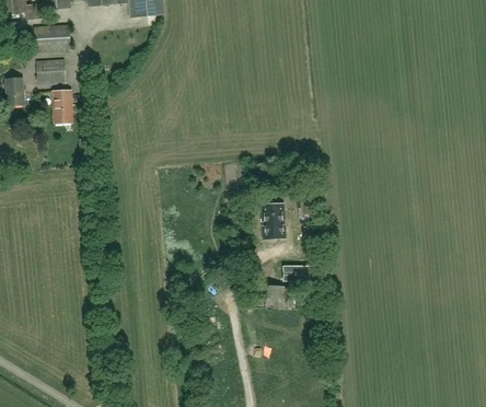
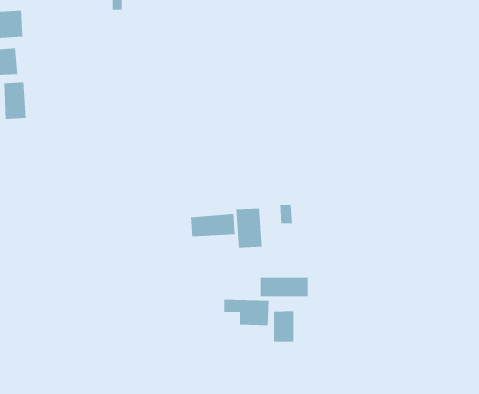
building: none -> [191,213,235,237]
building: none -> [274,311,294,343]

